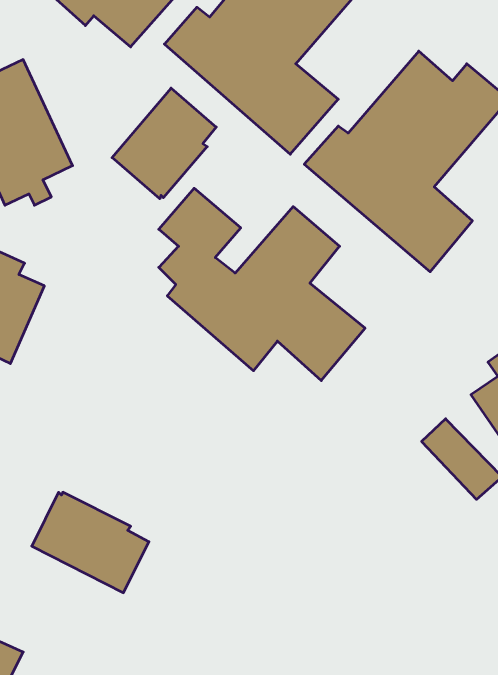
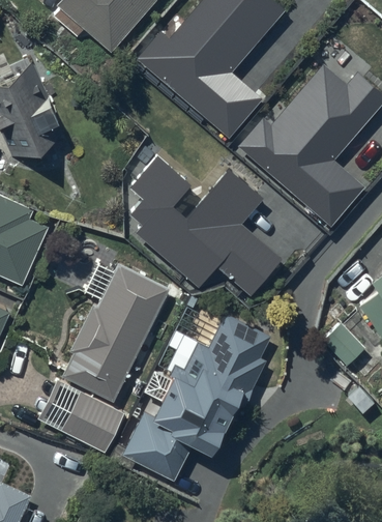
building: [112,88,216,199] -> none
building: none -> [60,265,167,405]
building: none -> [122,321,262,481]

